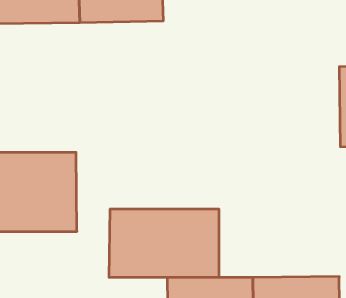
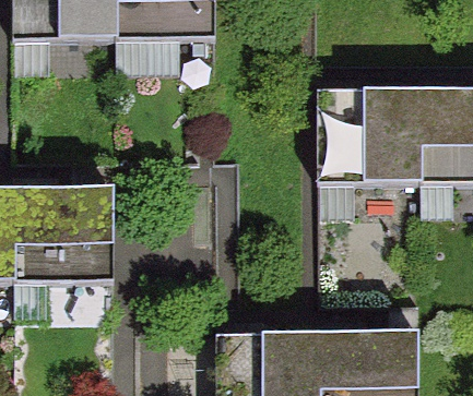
building: none -> [321,87,421,181]
building: [109,209,219,277] -> none

